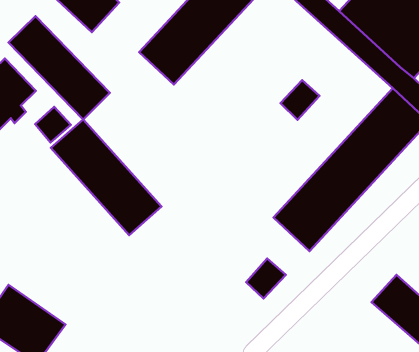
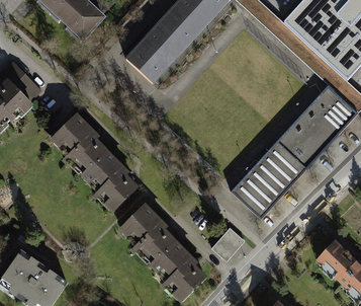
building: [9,16,110,119] -> none
building: [281,80,319,120] -> none
building: [35,107,71,142] -> none
building: none -> [117,203,209,298]

